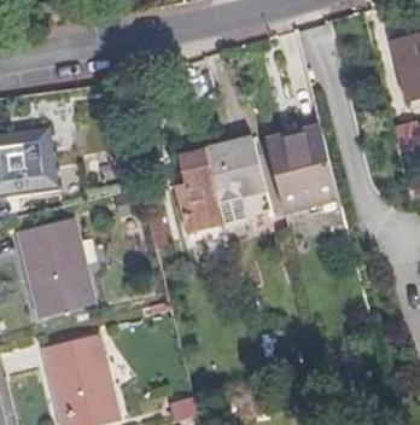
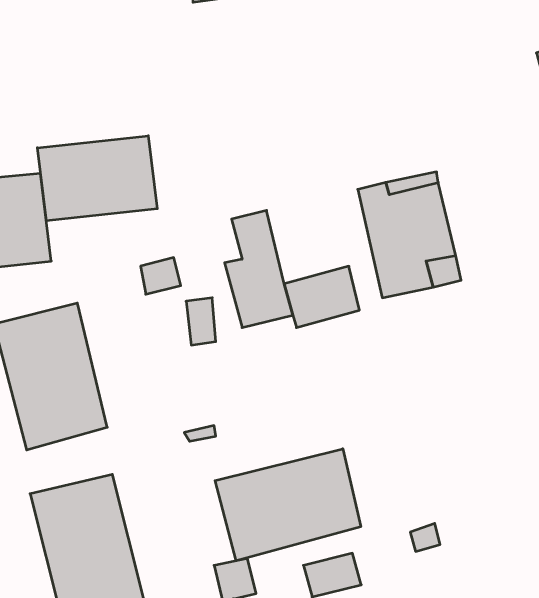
building: none -> [37,136,157,221]
building: [204,139,266,202] -> none
building: none -> [215,449,361,561]

